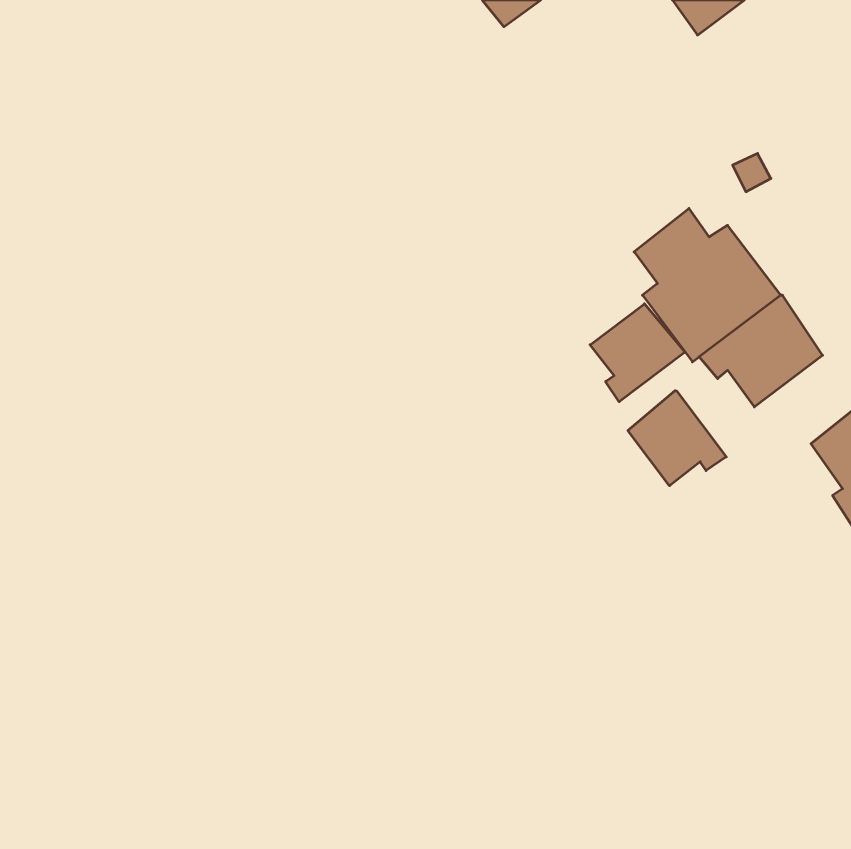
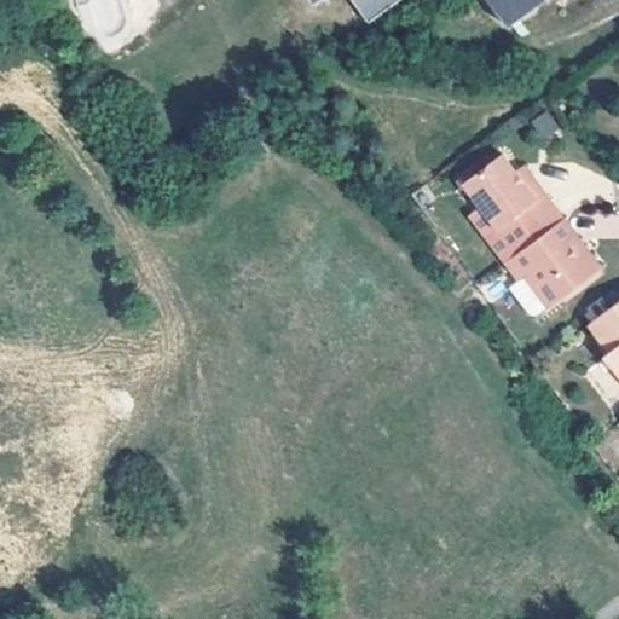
building: [590,304,685,402] -> none
building: [628,391,726,486] -> none

